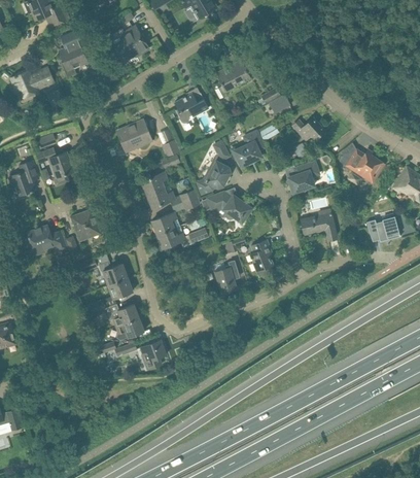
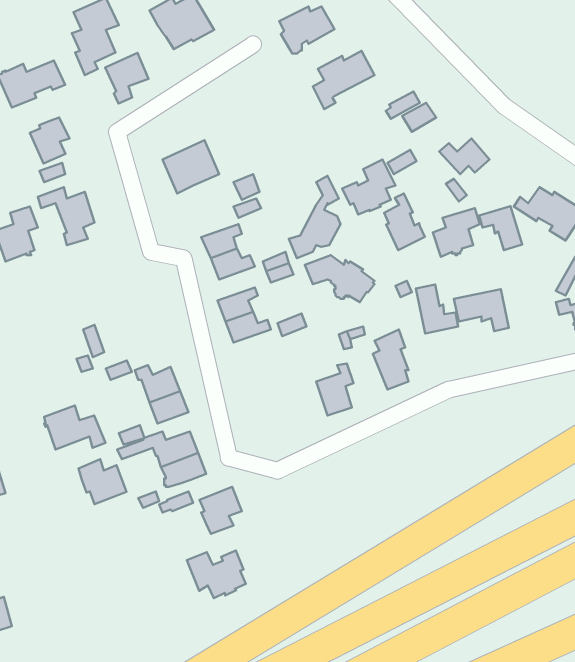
building: none -> [105,53,149,104]
building: [174,93,209,123] -> [279,7,334,54]
building: none -> [30,118,69,164]
building: none -> [384,194,425,250]
building: none -> [479,206,522,250]
building: [71,209,100,240] -> none
building: none -> [416,285,458,333]
building: [28,225,67,252] -> [44,406,106,449]
building: none -> [79,459,127,504]
building: none -> [187,550,246,598]

